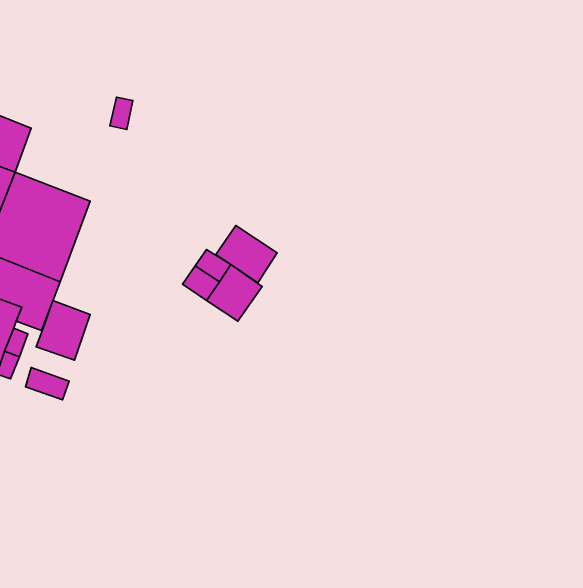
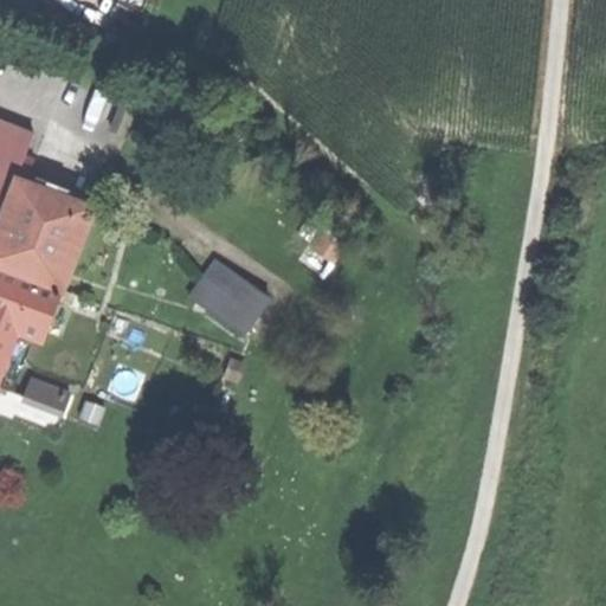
building: [216,226,277,283] -> none
building: [36,300,90,360] -> none

